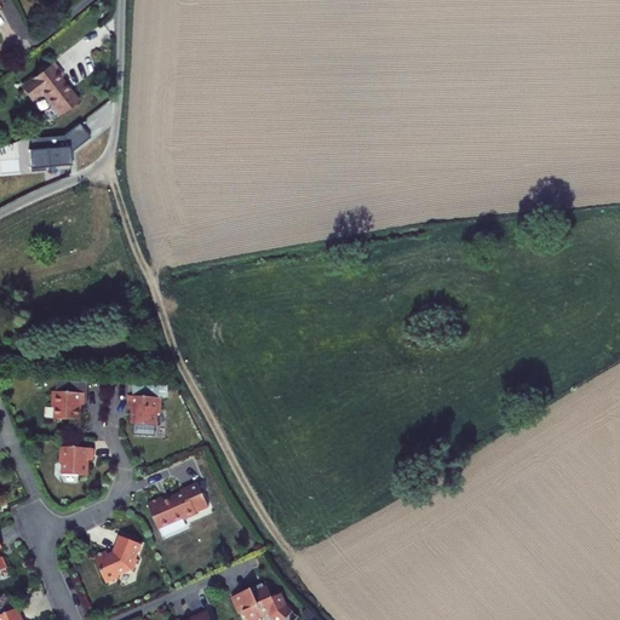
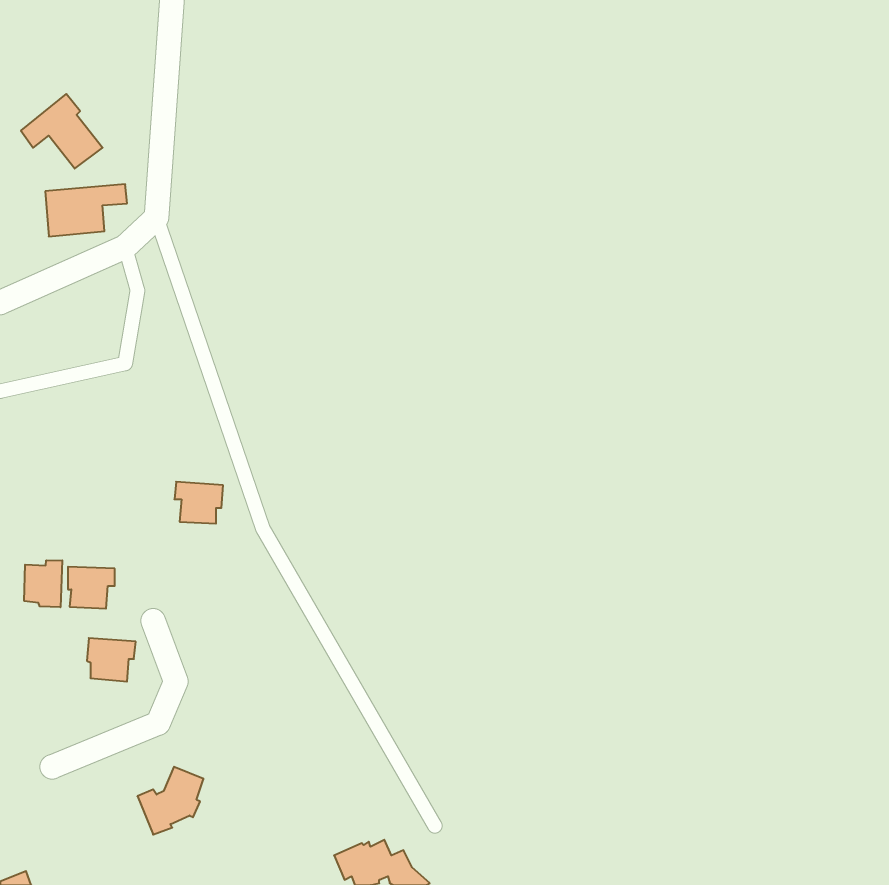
building: none -> [24,560,62,607]
building: [122,398,156,427] -> [174,482,223,524]
building: [148,482,209,527] -> none

